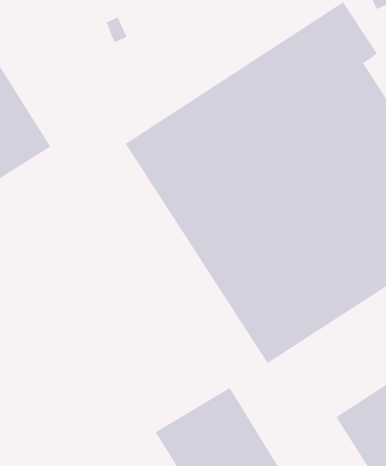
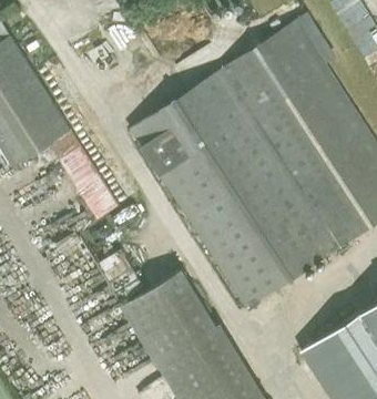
building: none -> [50,132,118,219]
building: none -> [121,269,216,364]

